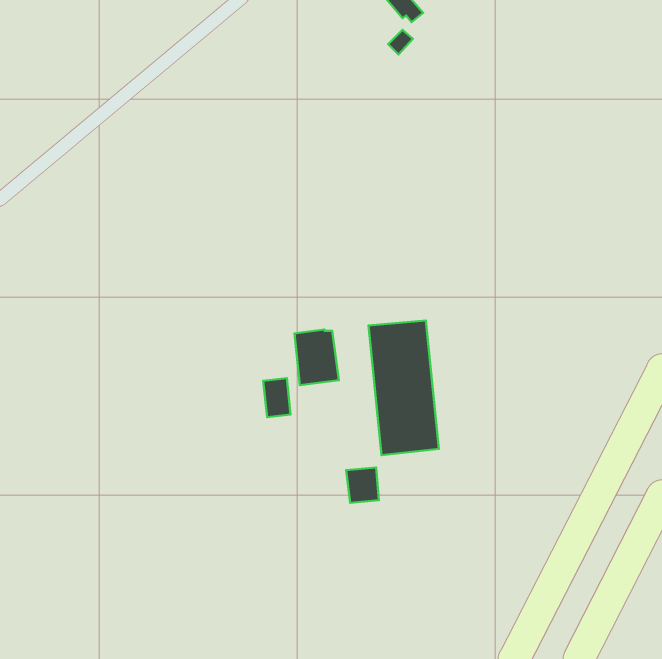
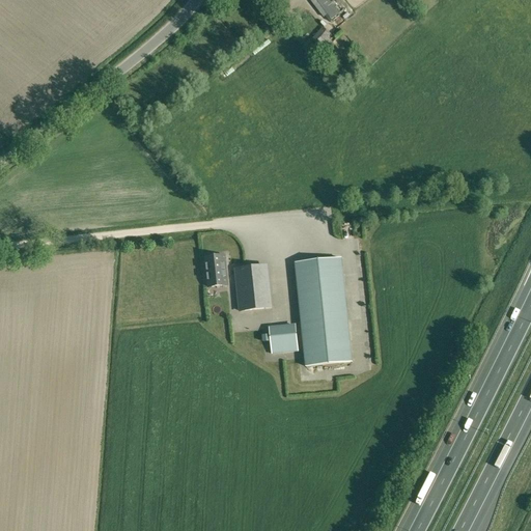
building: [263,378,291,417] -> [204,253,226,284]
building: [346,468,379,503] -> [269,323,295,351]

